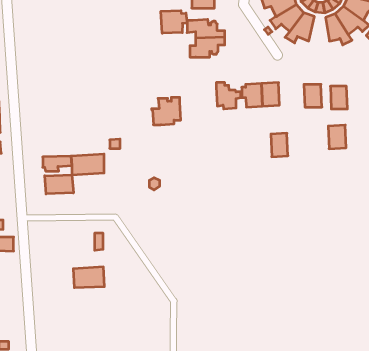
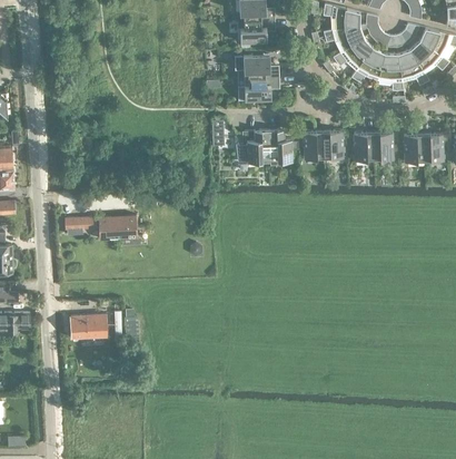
building: [161,11,187,33] -> none
building: none -> [377,52,403,91]
building: [152,97,181,125] -> [235,130,269,163]
building: [328,125,346,149] -> [422,134,443,162]
building: [271,133,288,157] -> [353,133,373,160]
building: [45,175,73,194] -> none
building: [73,267,104,288] -> [69,314,106,339]

